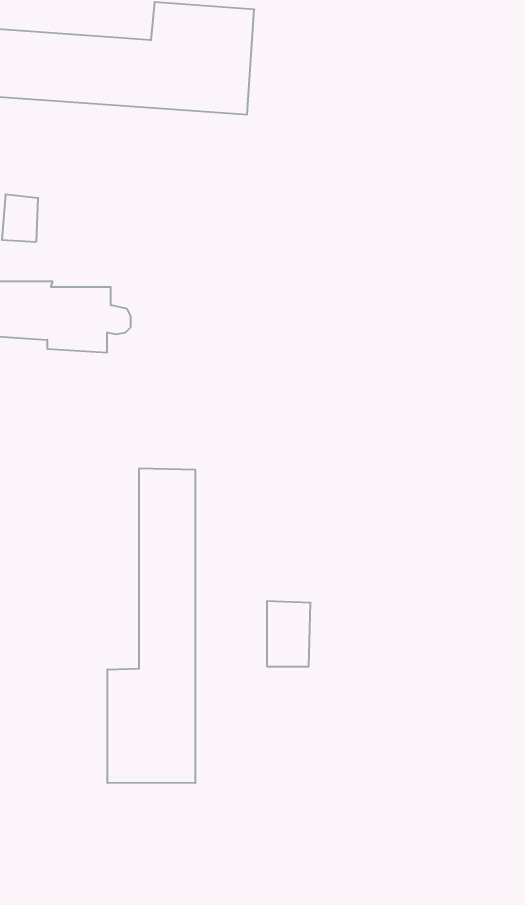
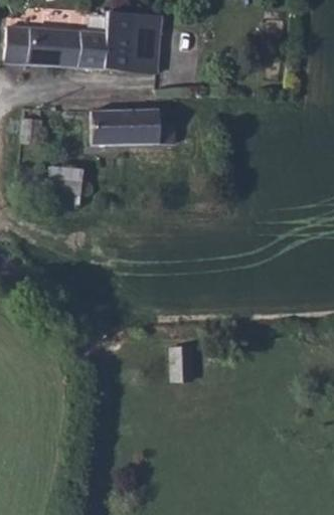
building: none -> [91,108,174,144]
building: [107,468,195,783] -> none

